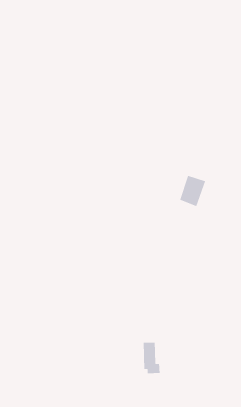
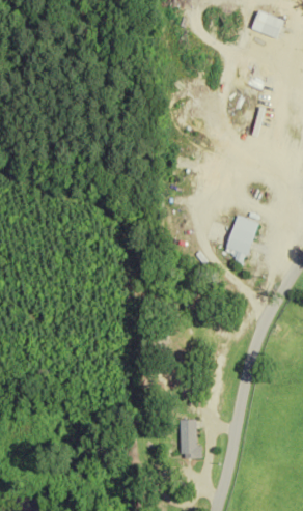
building: none -> [249,8,282,36]

